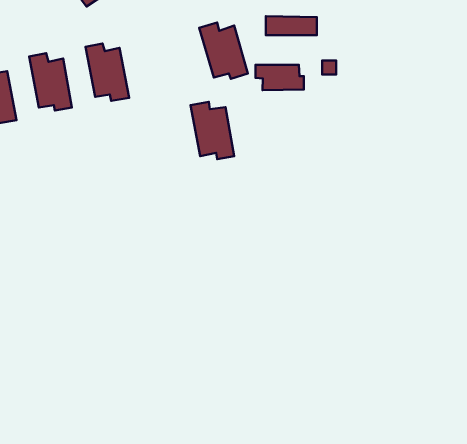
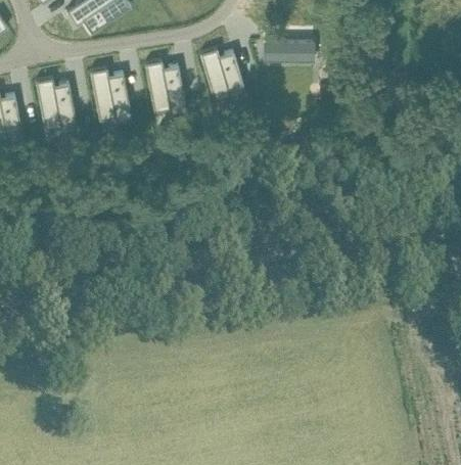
building: [255,65,304,90] -> none
building: [191,102,234,159] -> [144,59,186,114]

